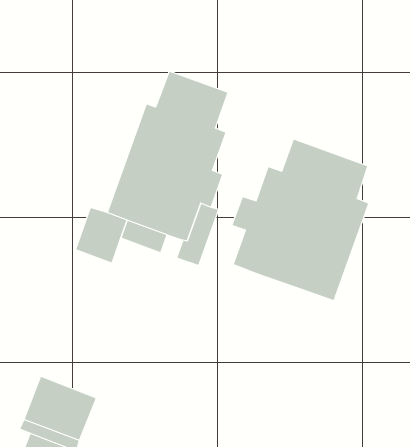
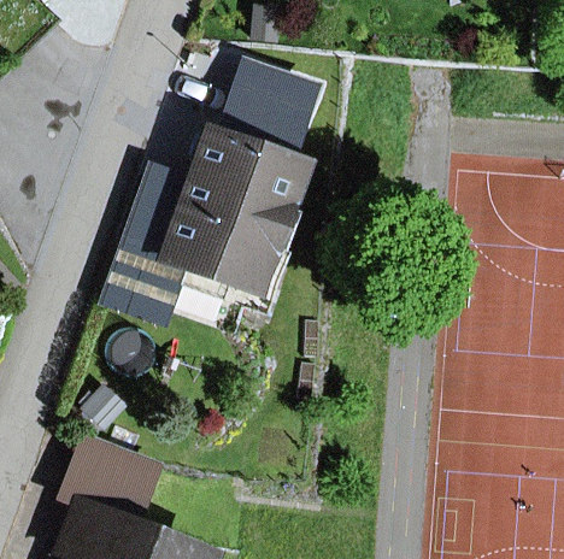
building: [232,139,369,301] -> none

